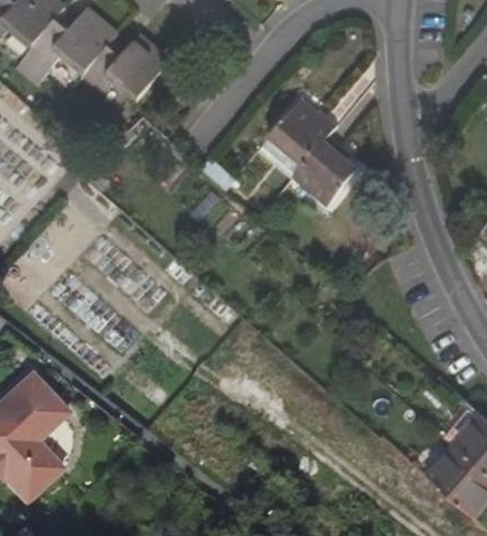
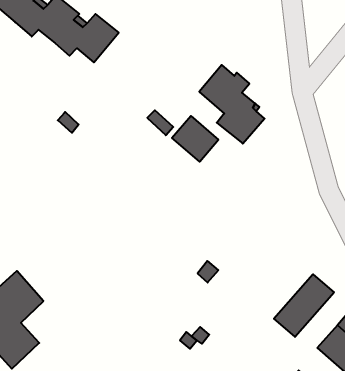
building: none -> [172,116,218,162]
building: none -> [274,274,334,337]

